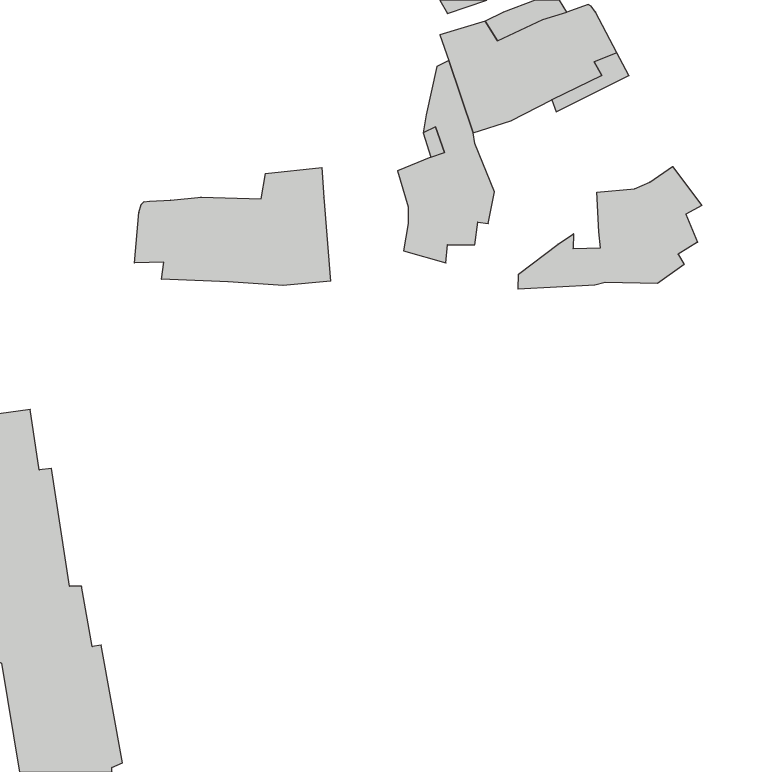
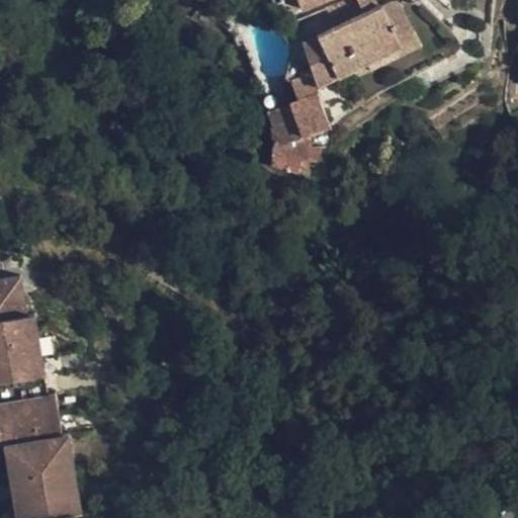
building: [518,167,702,289] -> none
building: [134,168,331,285] -> none

